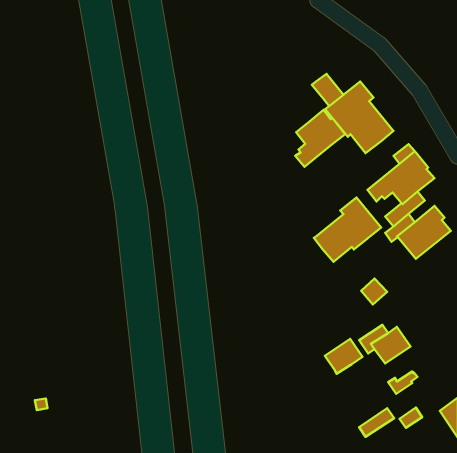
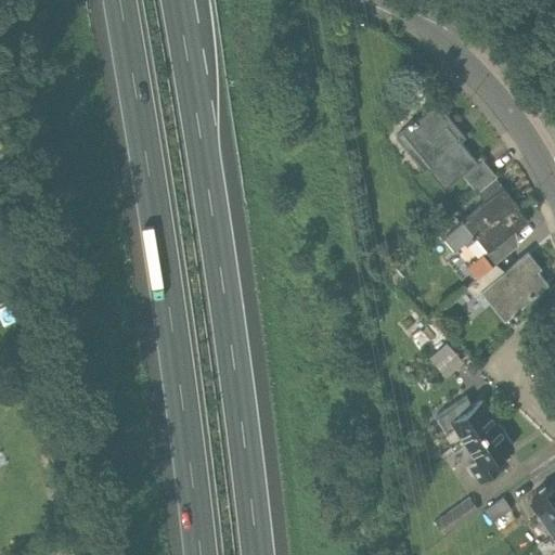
building: [312,74,343,106] -> none
building: [295,110,345,167] -> none
building: none -> [462,158,498,194]
building: [314,198,381,262] -> none
building: [325,339,363,374] -> [467,425,513,467]

